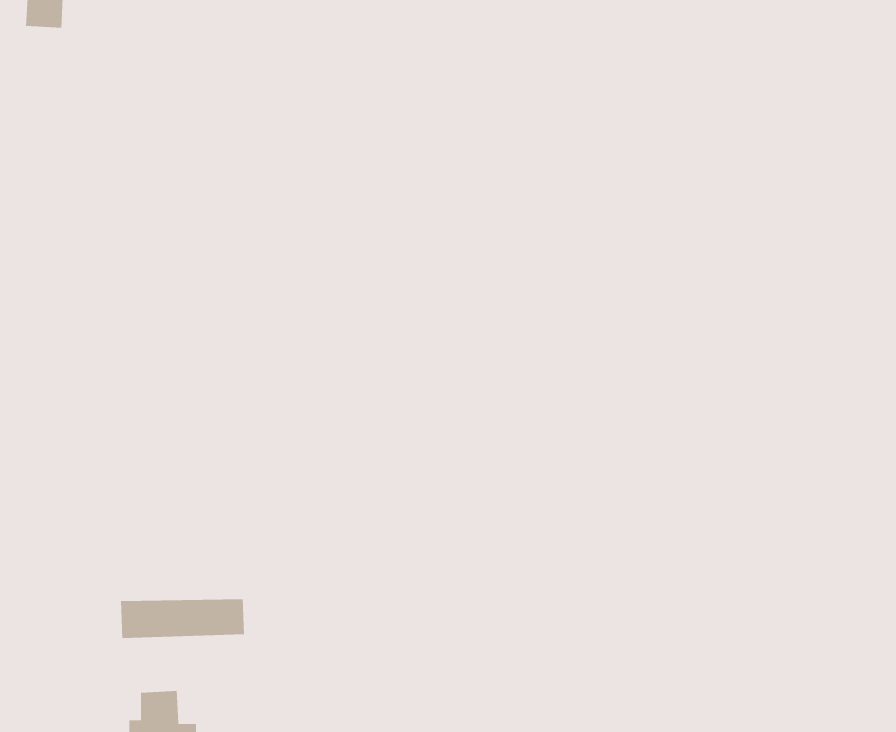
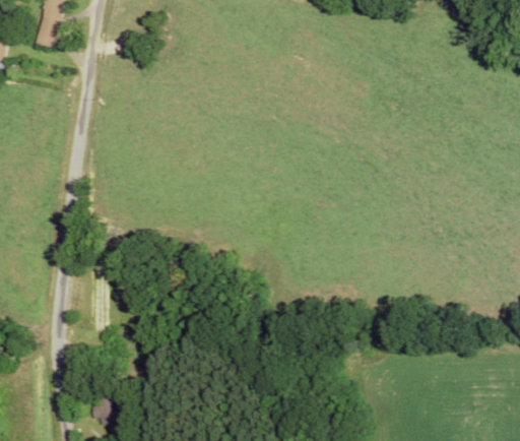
building: [120,598,245,639] -> none

